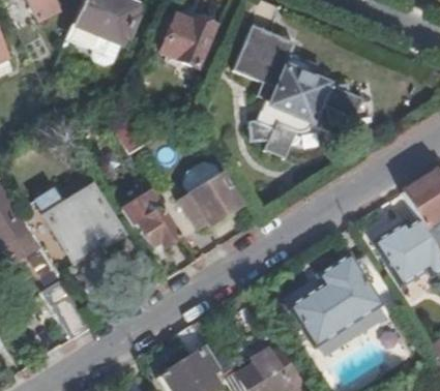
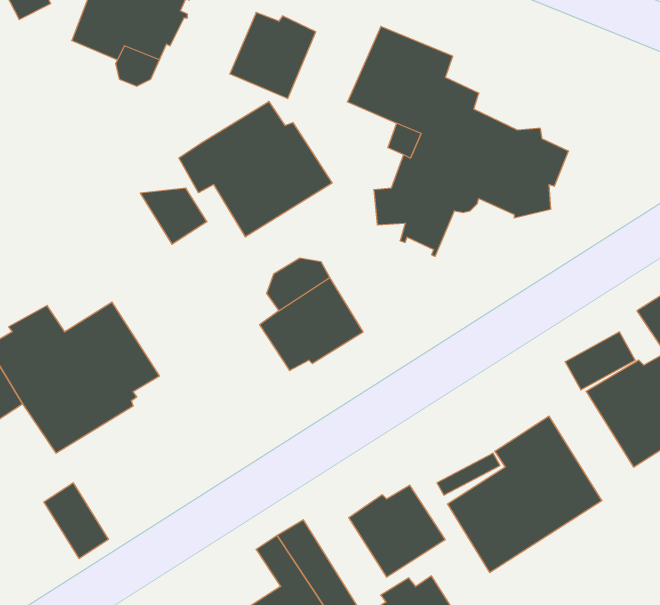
building: none -> [179,101,332,237]
building: [121,190,181,247] -> none
building: none -> [349,485,445,577]

